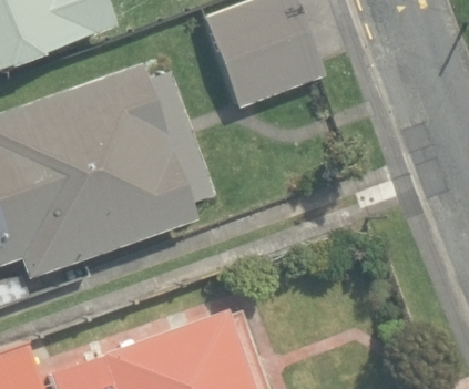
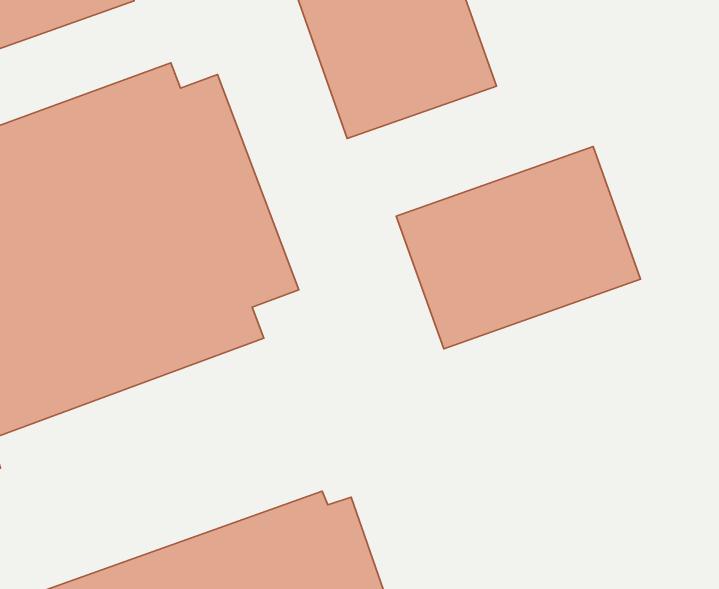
building: none -> [396,146,641,349]

